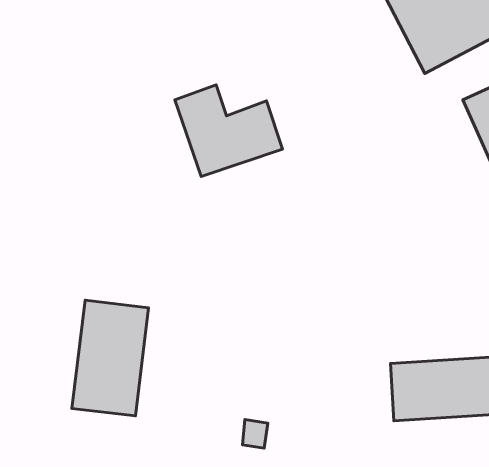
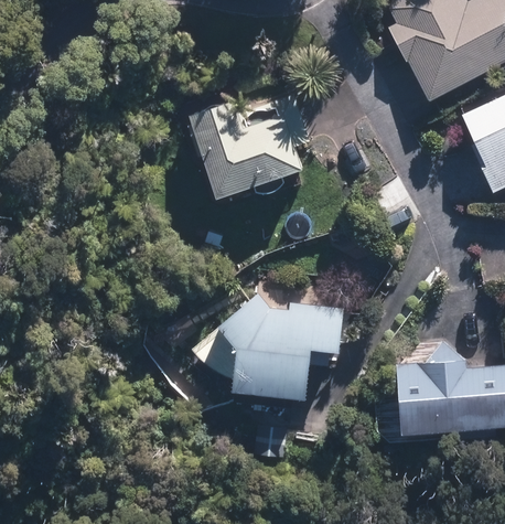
building: none -> [223,298,337,399]
building: [72,300,148,416] -> none

